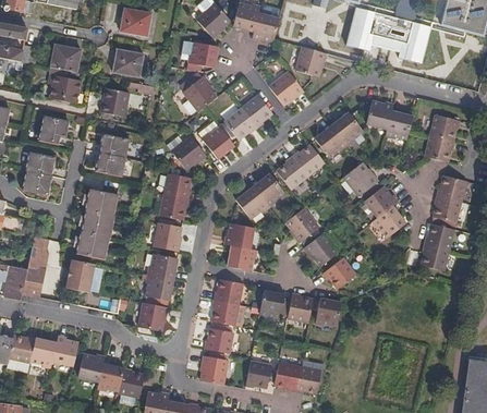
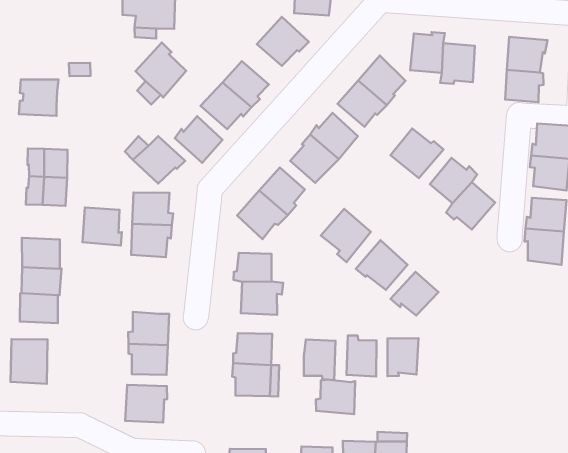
building: [110,47,141,74] -> none
building: [153,222,181,252] -> [83,207,122,245]
building: [204,328,233,354] -> [316,380,355,414]

